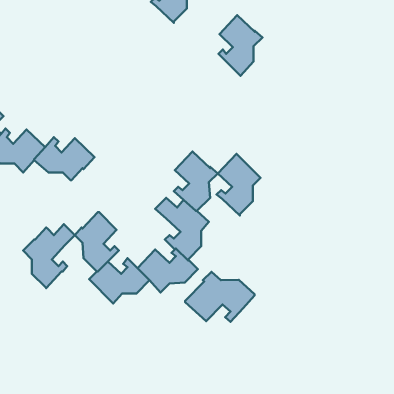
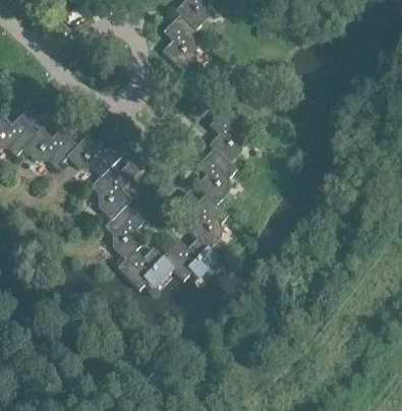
building: [218,15,262,76] -> [162,14,203,70]
building: [217,154,261,215] -> [208,107,248,164]
building: [23,224,75,288] -> [90,161,137,220]
building: [185,272,254,322] -> none

